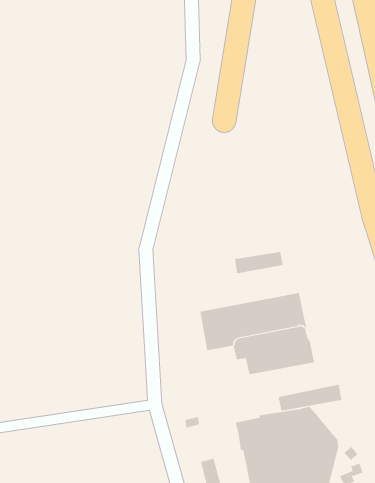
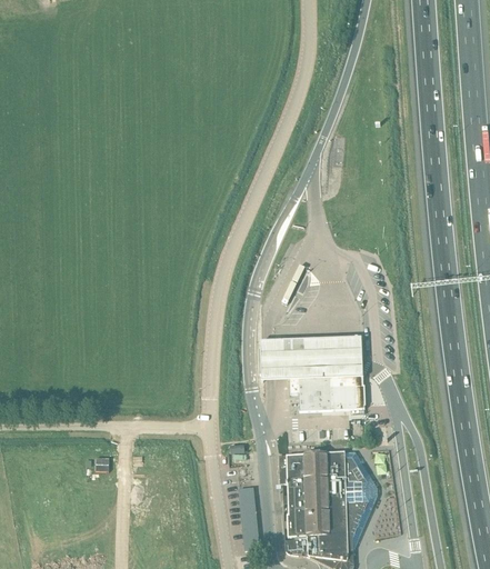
building: [235,251,283,274] -> none
building: [278,384,342,411] -> none

